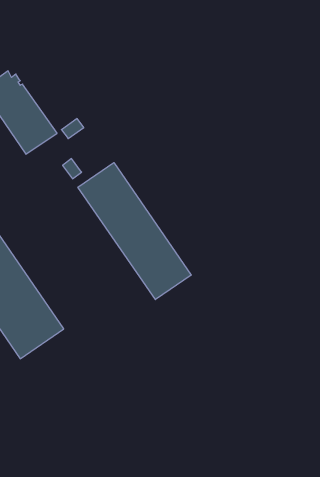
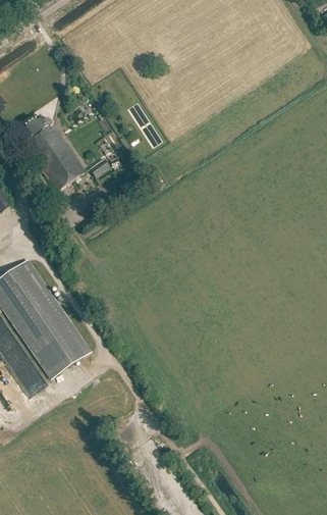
building: [78,163,191,300] -> none

